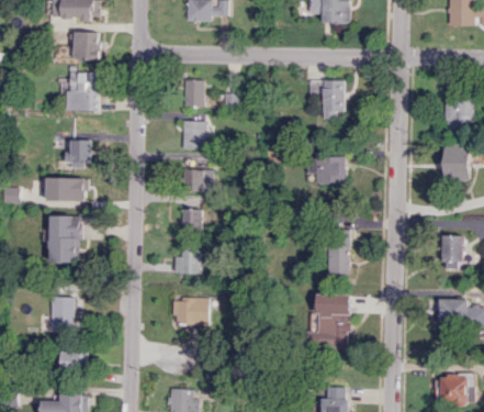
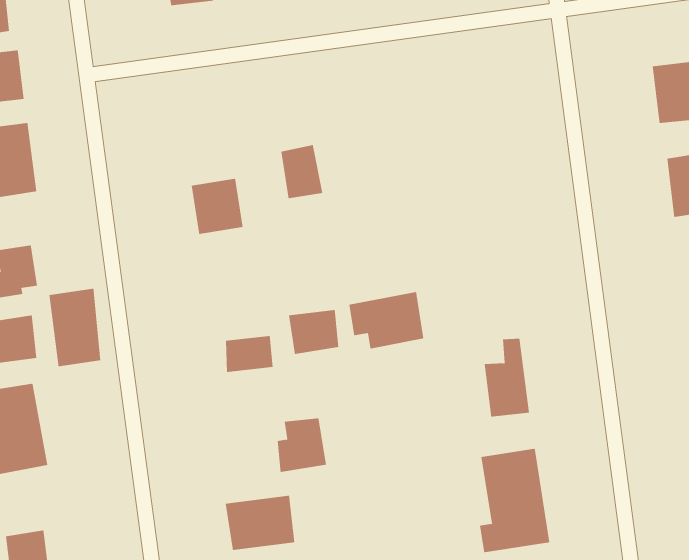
building: [184,79,204,107] -> [280,144,323,199]
building: [322,79,344,120] -> none
building: [307,156,346,183] -> [349,292,424,349]
building: none -> [49,288,101,367]
building: [187,169,213,191] -> [288,310,339,354]
building: [173,246,200,274] -> [277,418,327,472]

